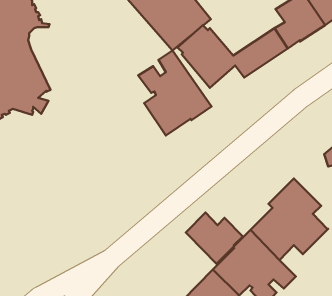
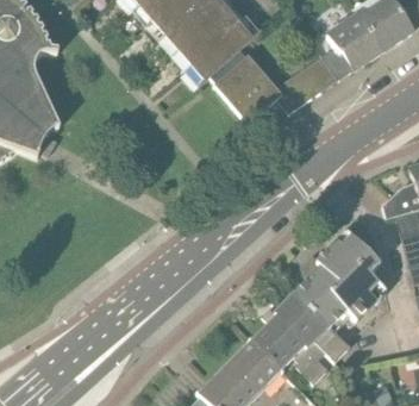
building: [138,50,211,135] -> none
building: [186,212,243,264] -> none

